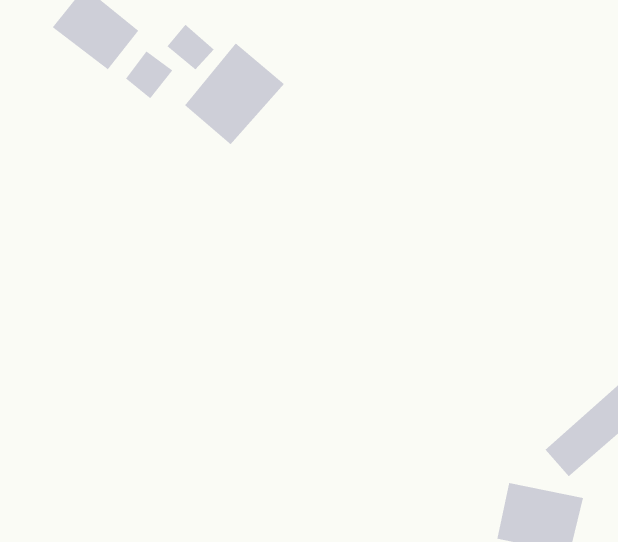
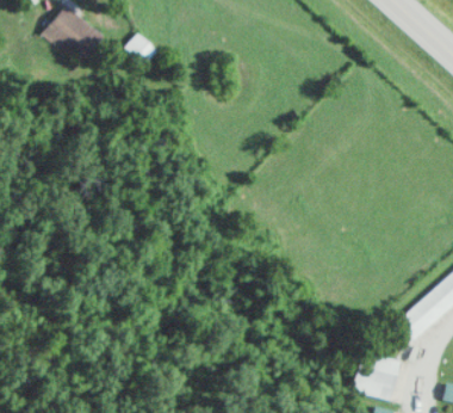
building: [184,43,285,145] -> none
building: [125,50,173,99] -> none

